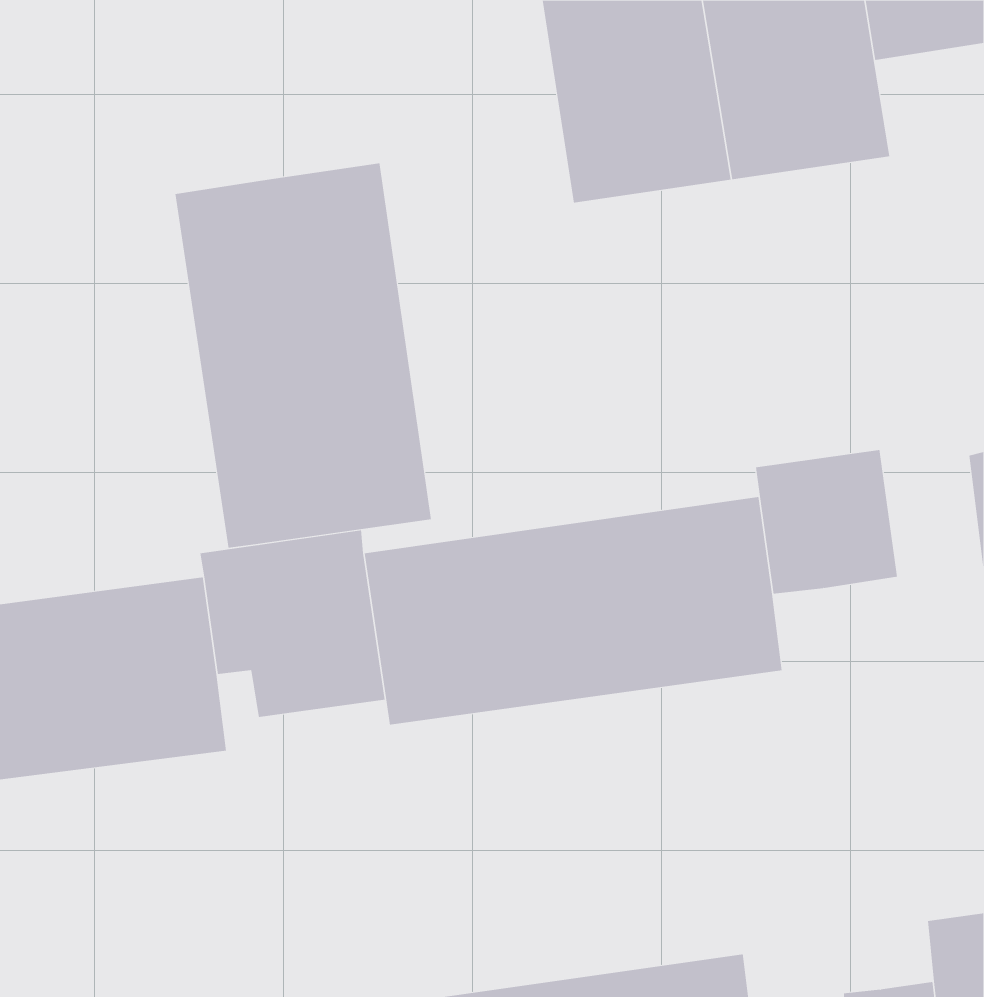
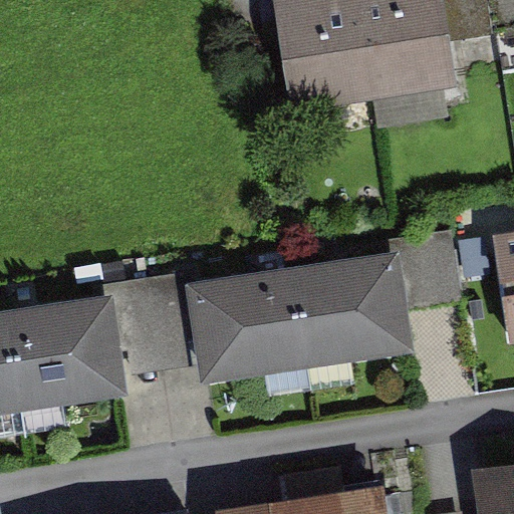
building: [175,163,432,549] -> none

